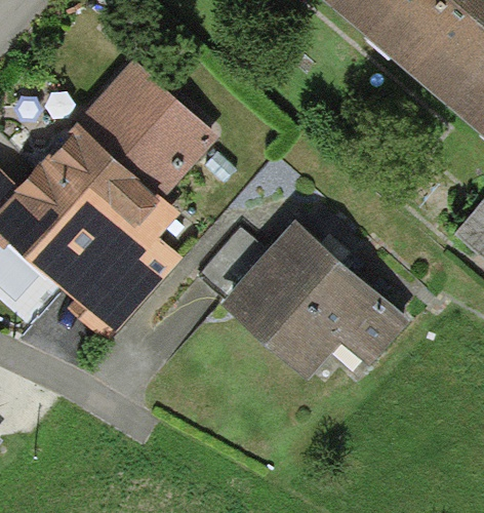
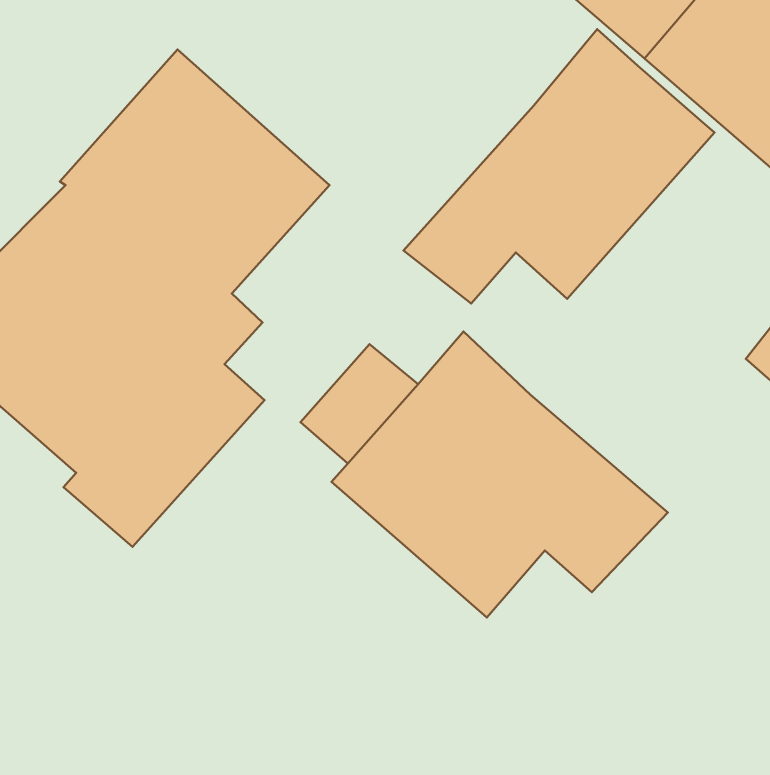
building: none -> [404,29,715,303]

